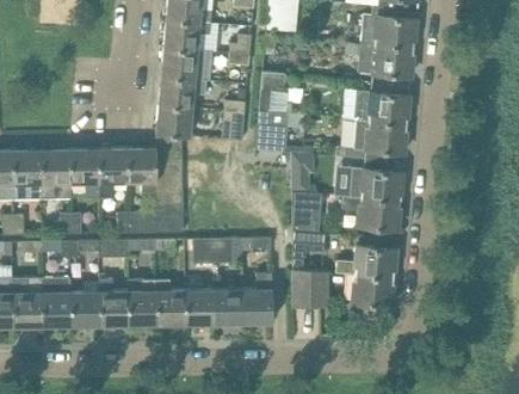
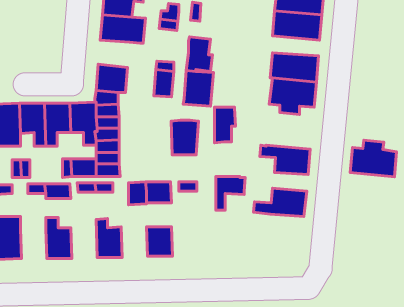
building: [159,76,206,107] -> none
building: [350,159,402,201] -> [350,140,397,177]
building: [291,192,322,232] -> [171,120,198,155]
building: [292,270,329,308] -> none
building: [242,272,272,322] -> none
building: [352,275,393,316] -> none
building: [128,281,157,325] -> none
building: [185,289,215,324] -> none
building: [70,291,100,325] -> none

